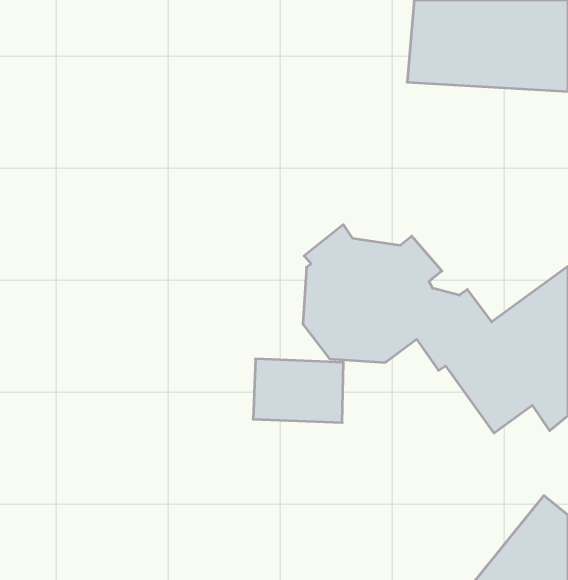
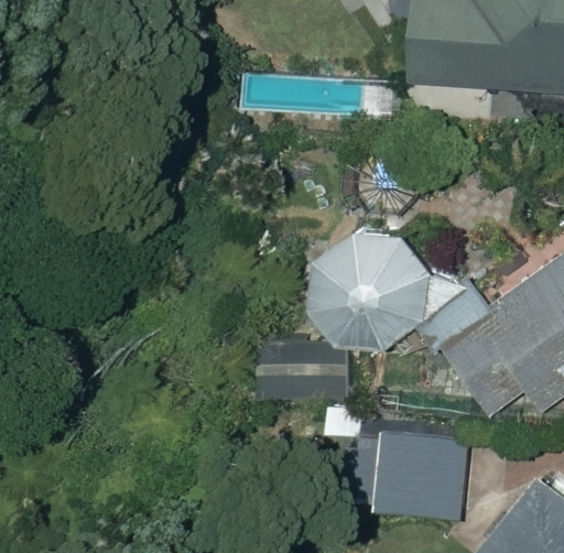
building: none -> [365,435,469,524]

